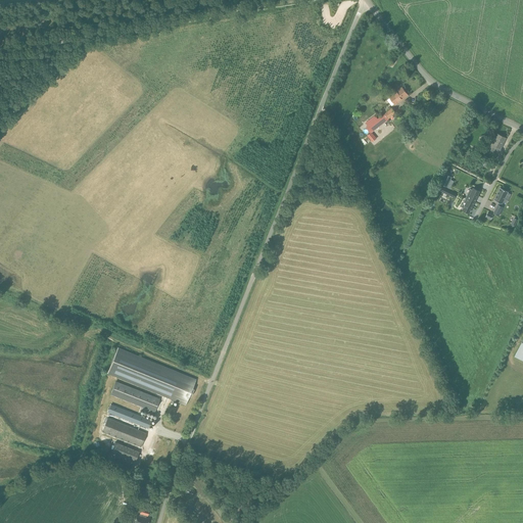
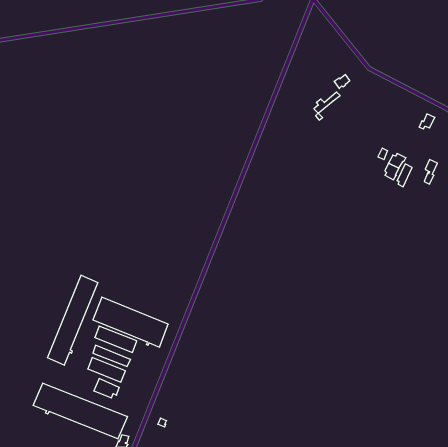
building: none -> [47,275,98,365]
building: none -> [33,383,127,439]

